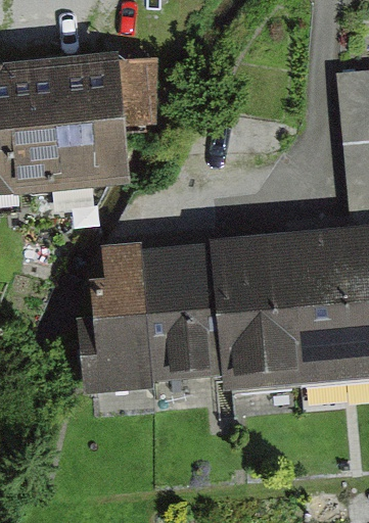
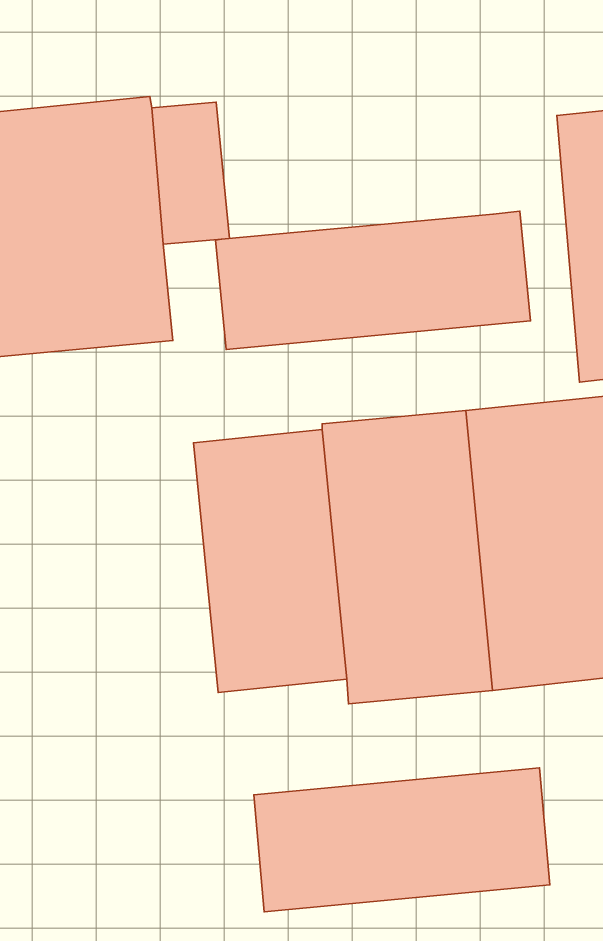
building: none -> [215,211,531,350]
building: [79,237,155,389] -> none
building: none -> [254,768,550,912]

